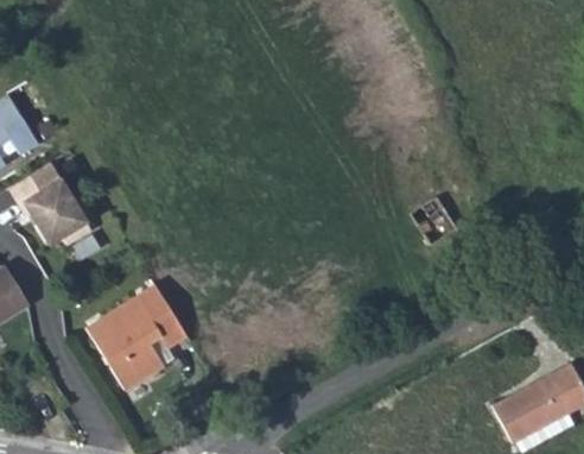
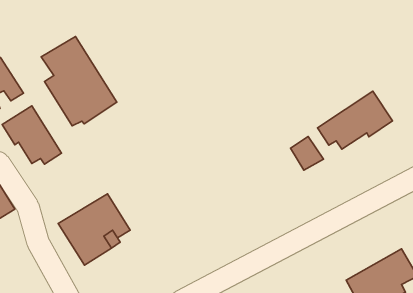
building: none -> [41,36,117,126]
building: none -> [318,91,393,149]

